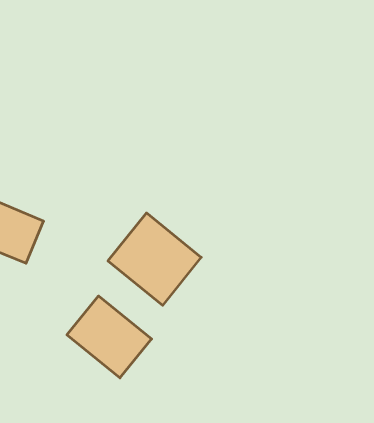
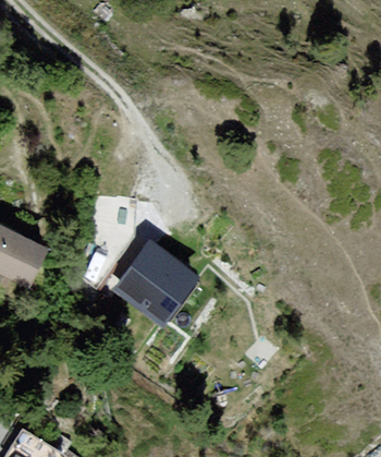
building: [67,296,152,378] -> none

